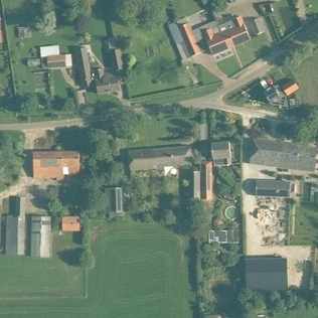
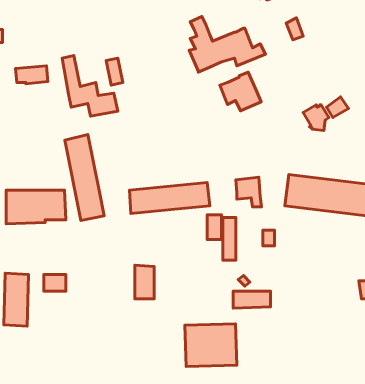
building: [217,15,250,45] -> [220,72,261,111]
building: none -> [65,135,104,220]
building: [254,179,289,198] -> none
building: [107,186,122,212] -> [135,265,154,299]
building: [246,258,286,291] -> [185,324,237,367]

